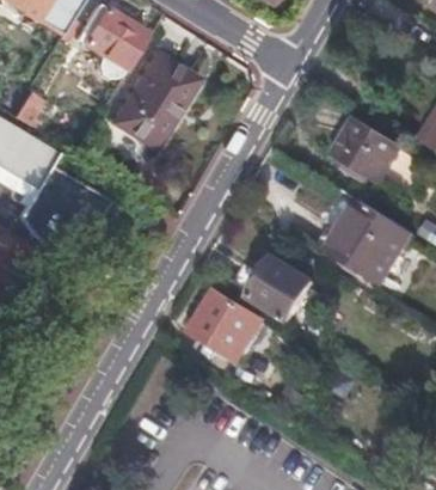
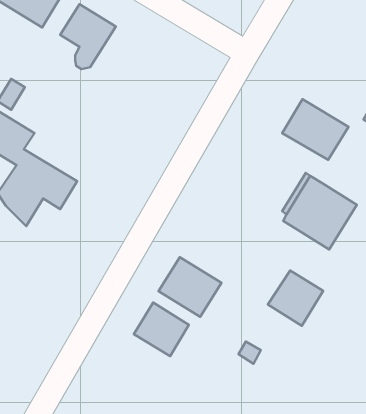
building: [112,56,194,147] -> none
building: [250,258,312,320] -> [268,270,323,326]
building: none -> [134,303,189,356]

